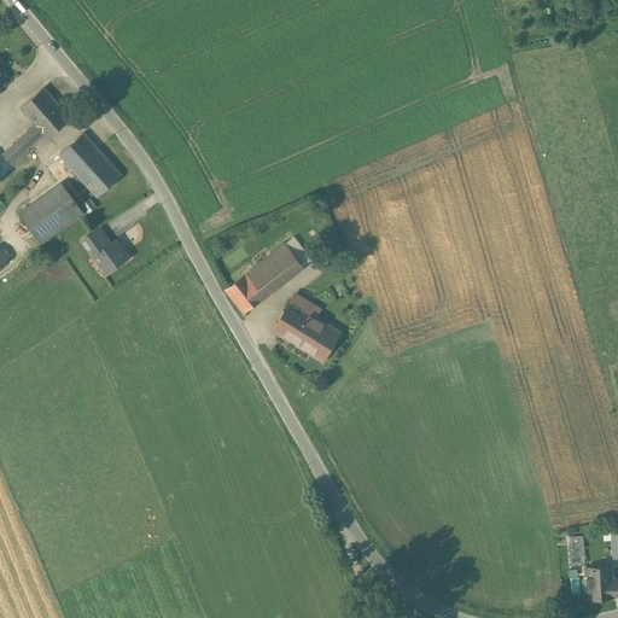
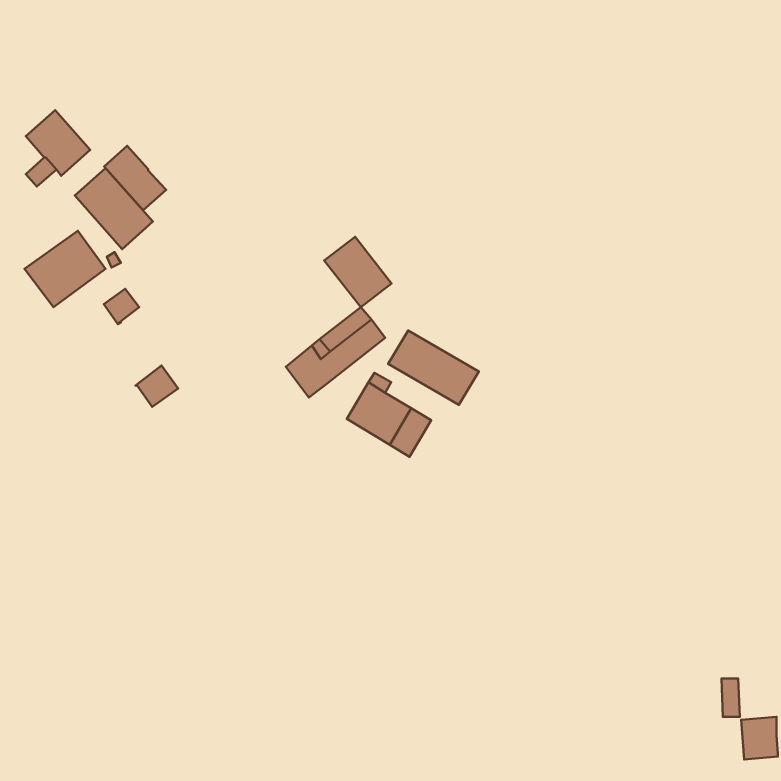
building: none -> [104,146,166,210]
building: none -> [324,237,392,307]
building: [94,239,128,272] -> [135,366,178,407]
building: none -> [388,330,479,405]

